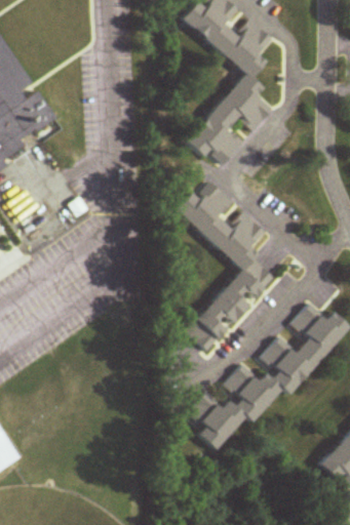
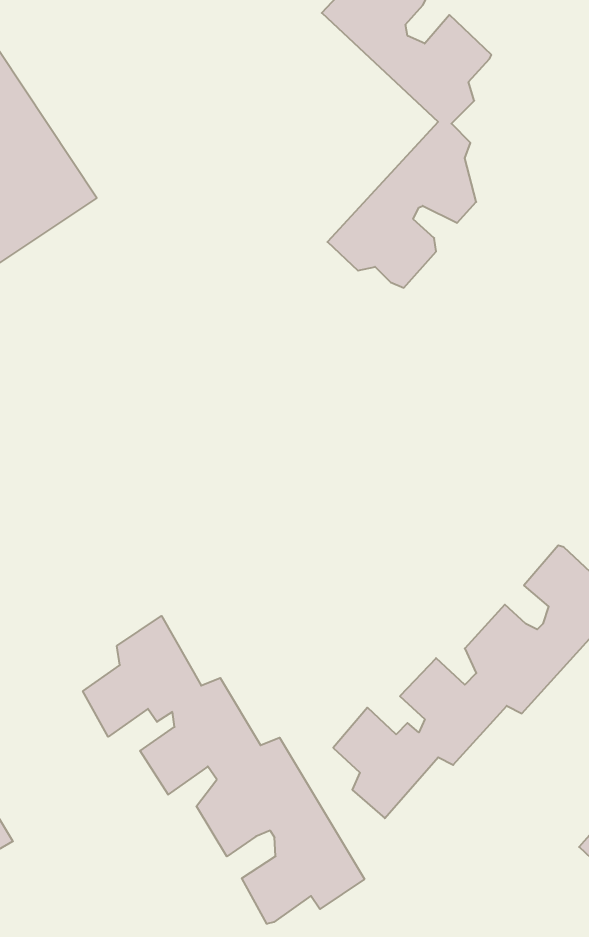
building: [173,183,271,352] -> none
building: none -> [83,616,364,924]

